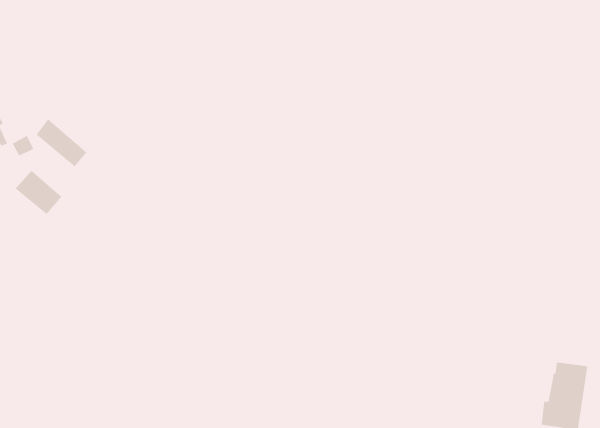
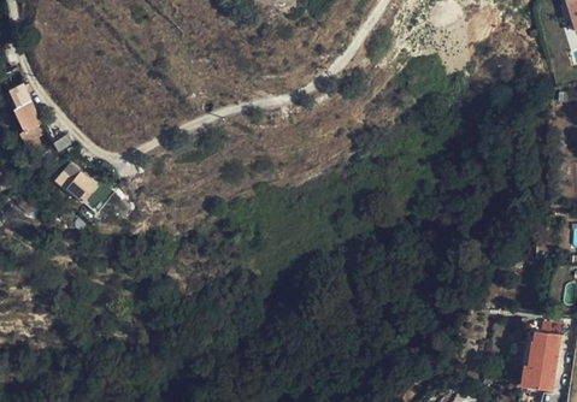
building: [36,118,87,167] -> none

